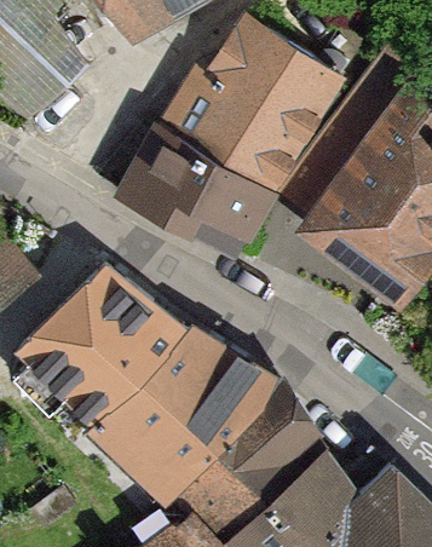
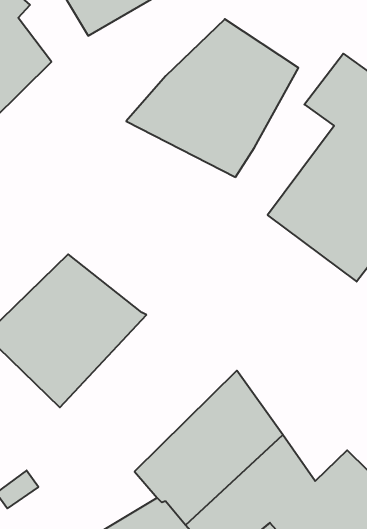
building: [120,125,275,252] -> none
building: [96,324,276,484] -> none

